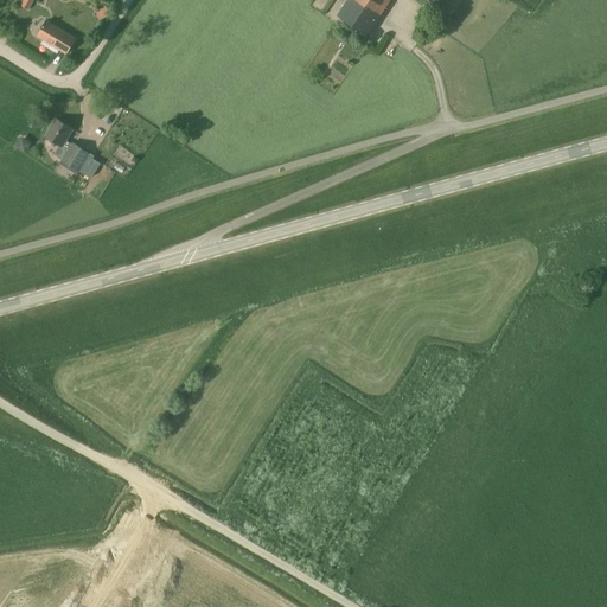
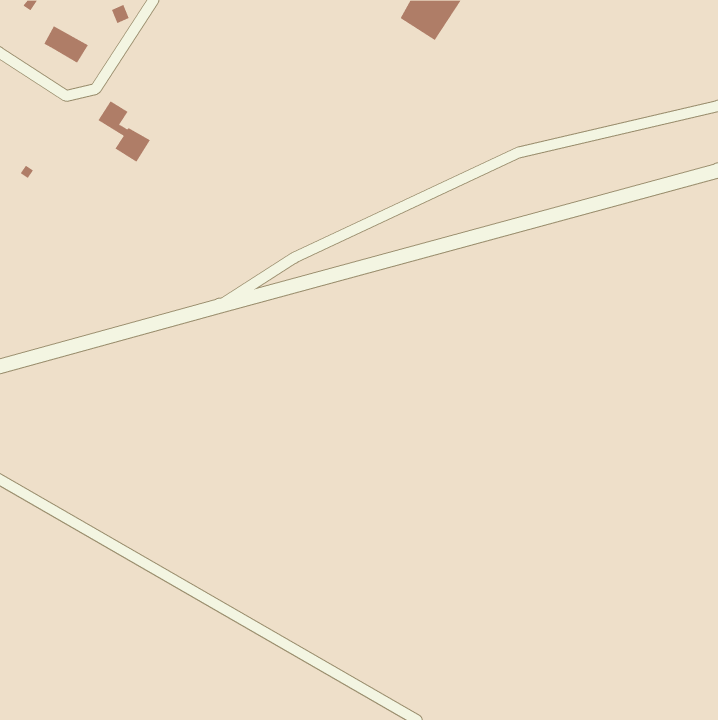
building: [45,120,90,172] -> [97,101,151,163]

